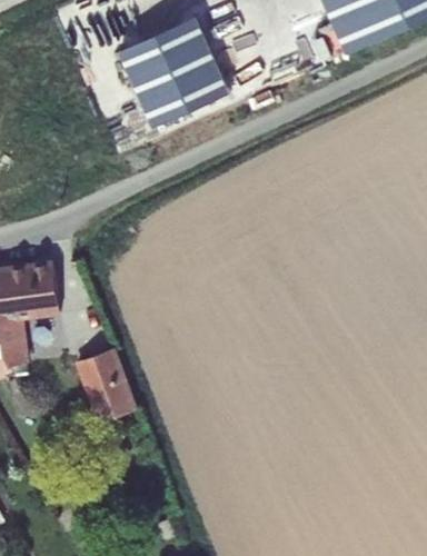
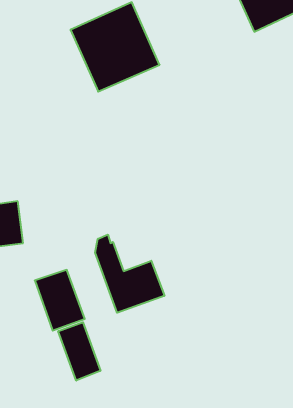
building: none -> [95,235,164,313]
building: none -> [58,322,100,381]

